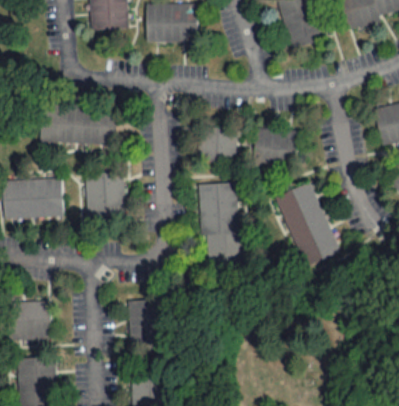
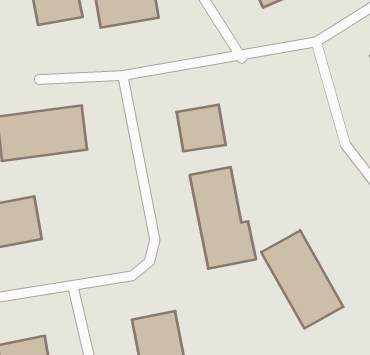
building: [254,127,300,169] -> none
building: [86,172,124,224] -> none
building: [275,181,338,267] -> [261,230,343,328]

